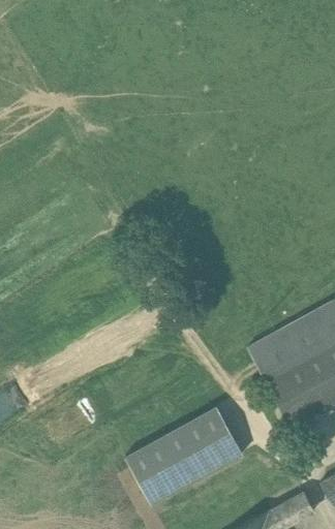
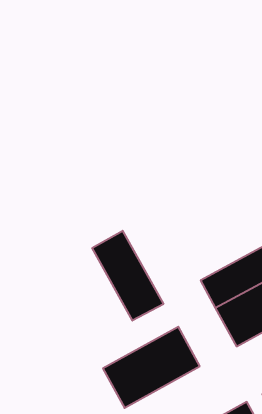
building: none -> [92,231,163,321]

